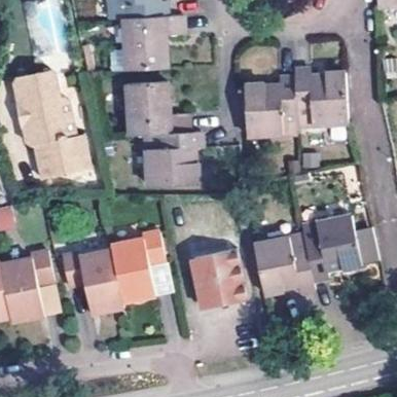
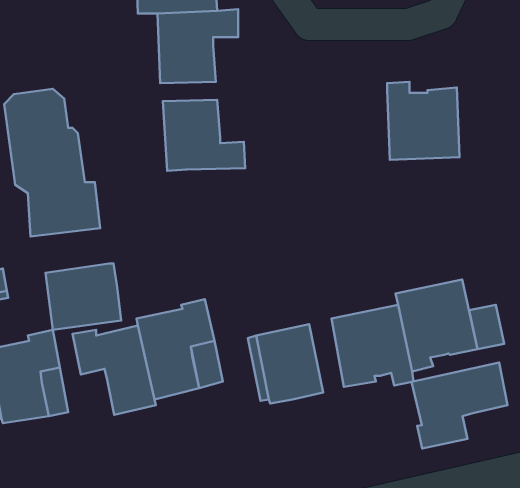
building: [244,74,296,134] -> none
building: [146,132,203,184] -> none
building: none -> [45,263,121,330]
building: none -> [412,362,507,449]

